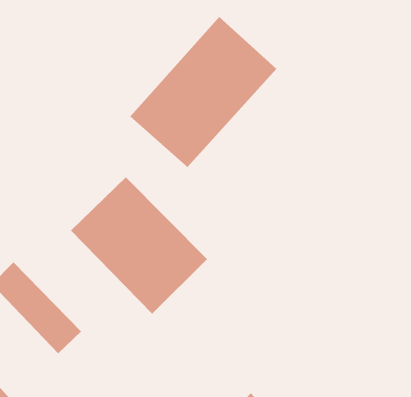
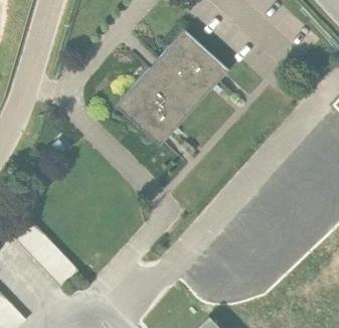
building: [70,176,208,315] -> none

